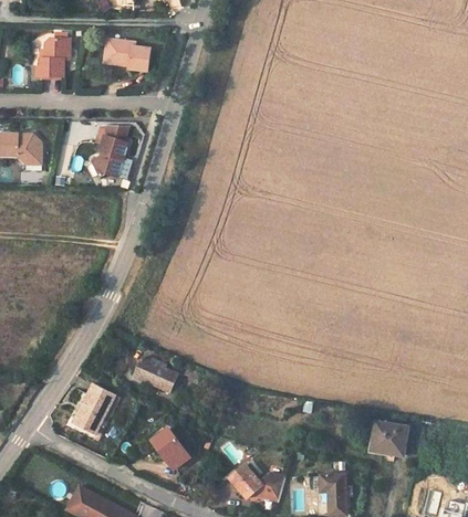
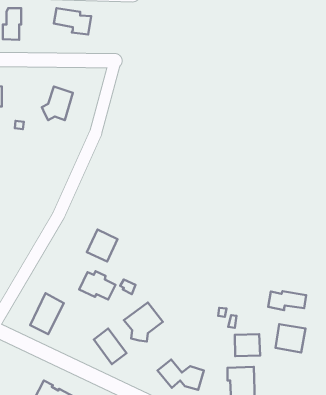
building: none -> [87,229,117,261]
building: none -> [268,291,306,310]
building: none -> [124,303,163,342]
building: none -> [235,334,260,356]

